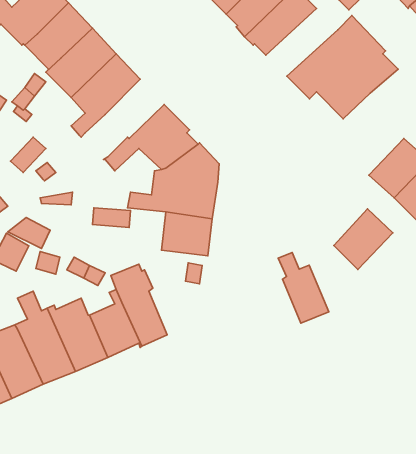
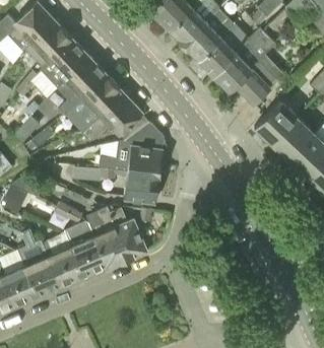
building: none -> [198,24,250,73]
building: none -> [82,75,125,118]
building: [334,209,393,270] -> [255,100,298,144]
building: [278,252,329,323] -> [111,208,147,259]

